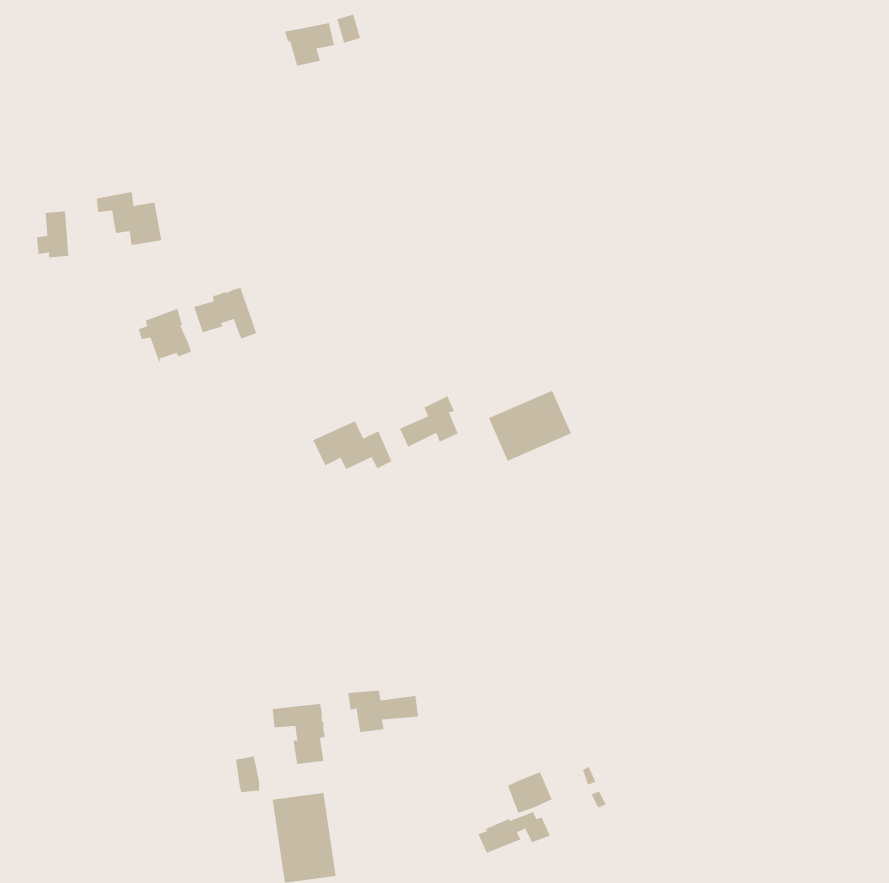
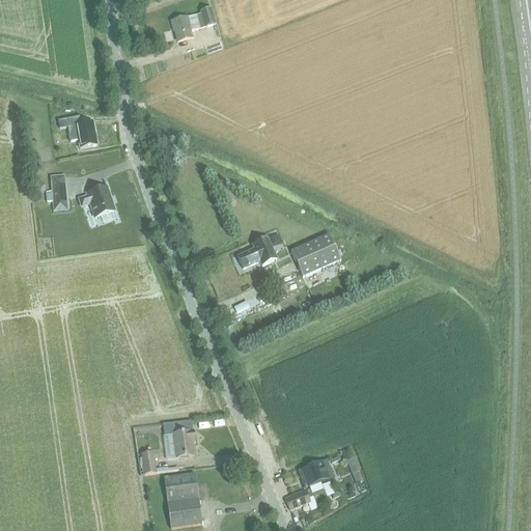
building: [36,211,69,258] -> [46,174,65,202]
building: [194,287,257,339] -> none
building: [313,420,392,470] -> none
building: [348,690,418,733] -> none

